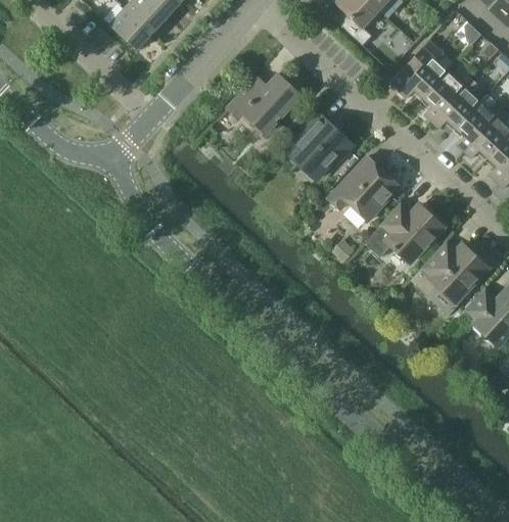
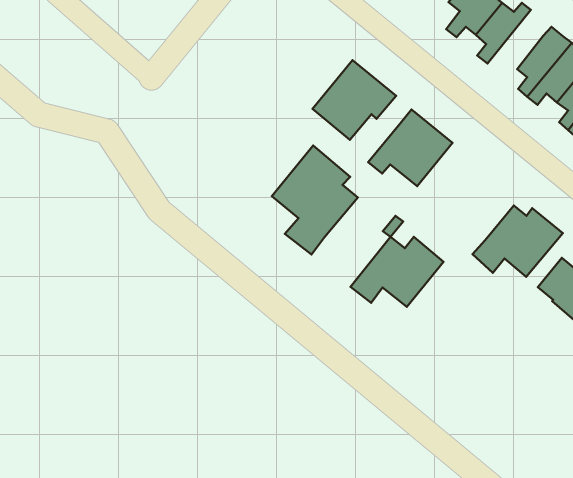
building: [226,74,302,134] -> none
building: [432,79,480,129] -> none
building: none -> [272,146,358,254]
building: [365,203,444,263] -> [351,237,443,307]

